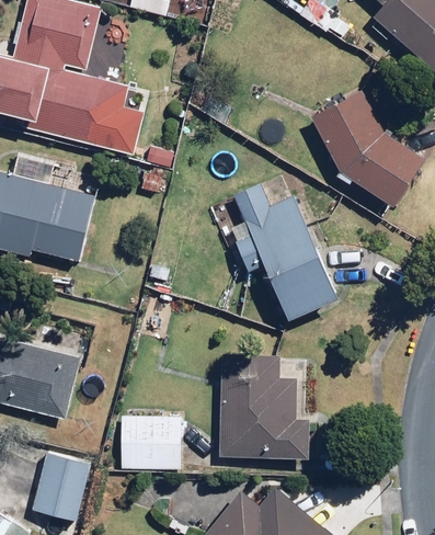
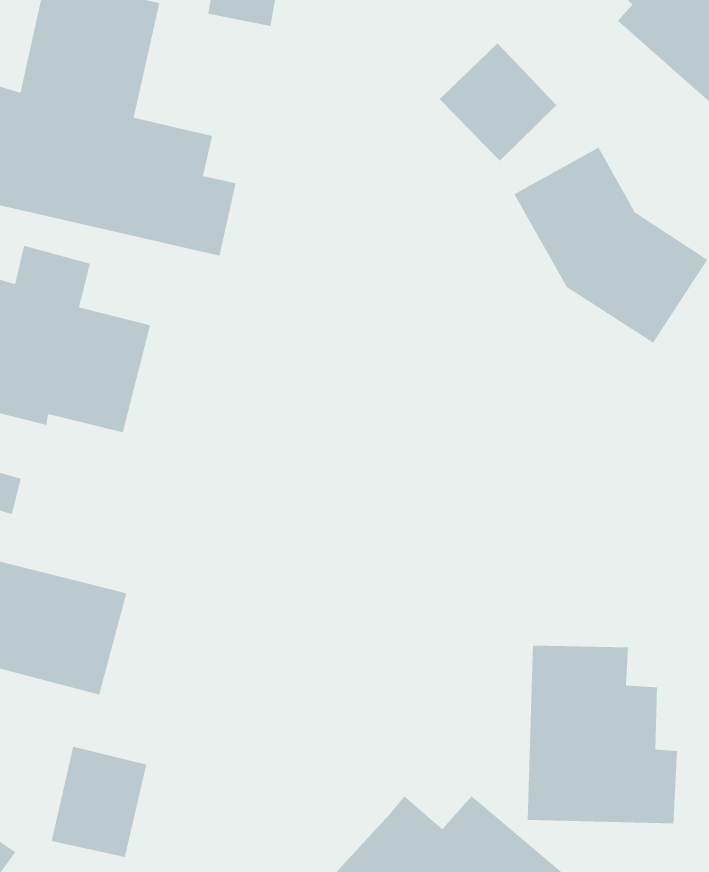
building: none -> [439,43,557,161]
building: [228,181,341,338] -> none
building: [217,352,308,459] -> [527,645,678,824]
building: [116,411,181,460] -> none

